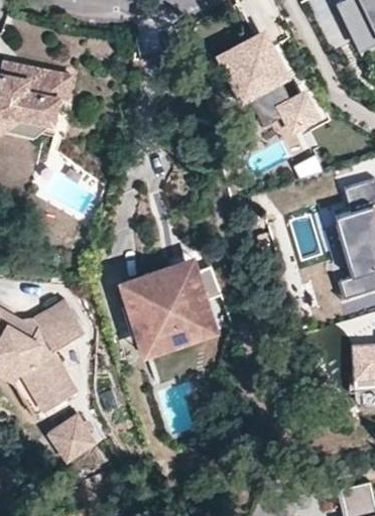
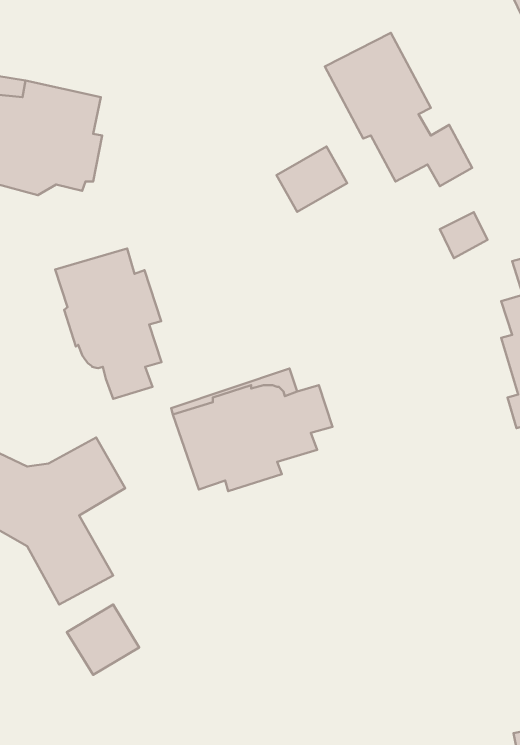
building: none -> [276,146,347,212]
building: none -> [55,248,162,399]
building: [135,310,221,360] -> none

